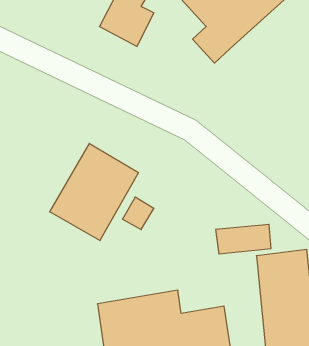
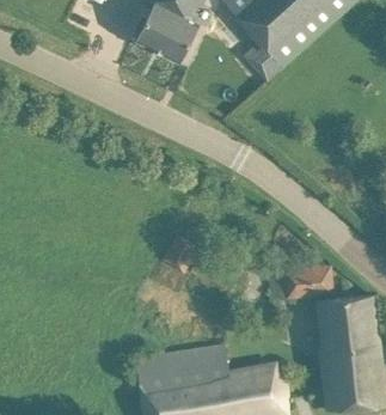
building: [50,143,138,241] -> none

